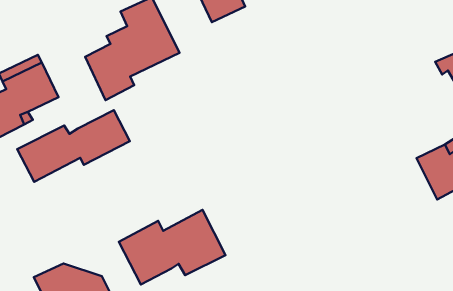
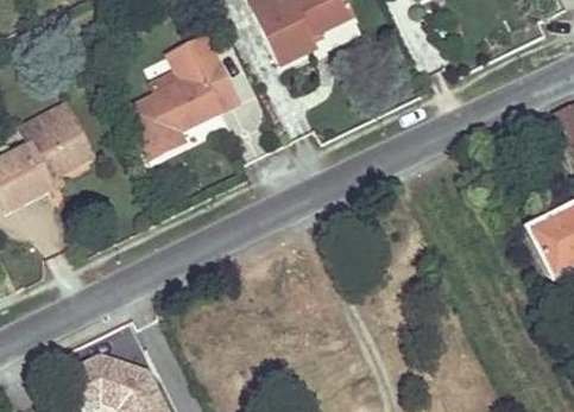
building: [17,110,130,182] -> none
building: [119,210,225,285] -> none

